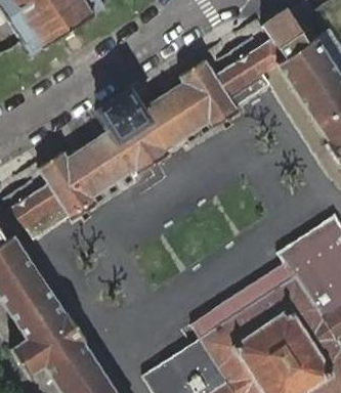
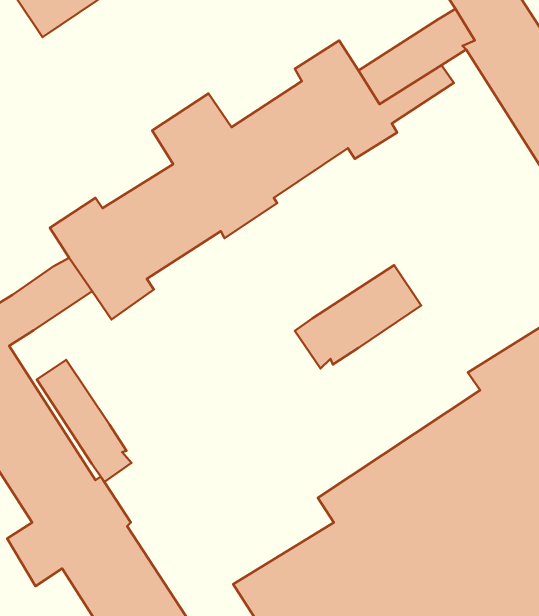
building: none -> [295,265,421,369]
building: none -> [37,360,132,482]

